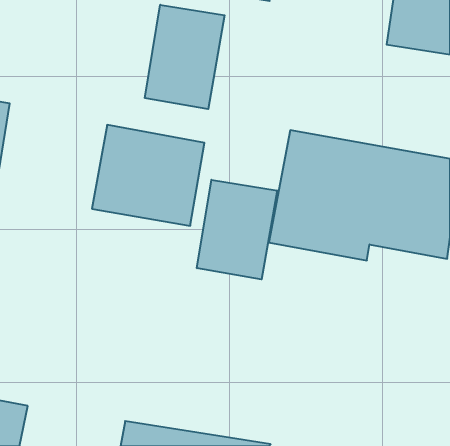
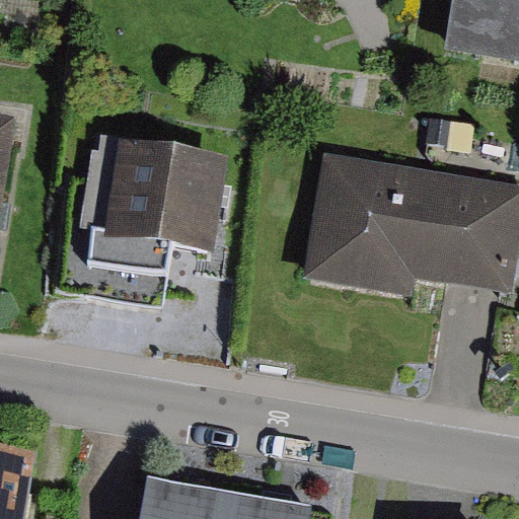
building: [145,5,225,109] -> none
building: [197,180,277,279] -> none

